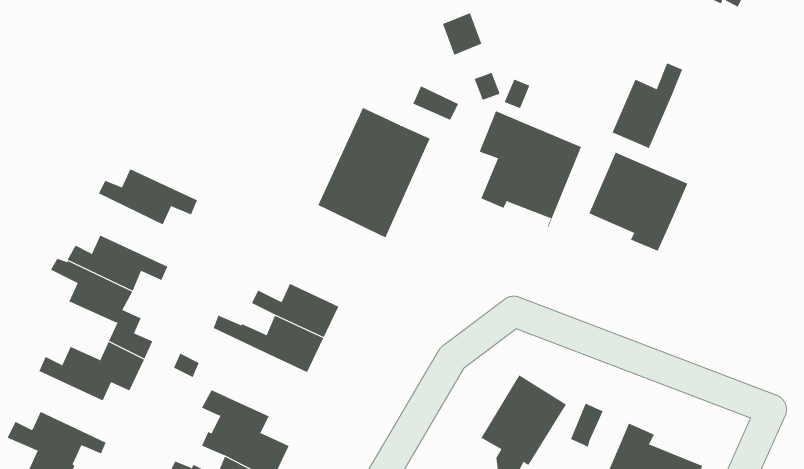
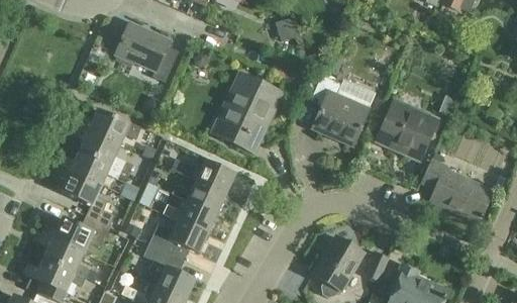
building: none -> [116,26,178,82]
building: [612,63,683,149] -> none
building: none -> [75,125,132,173]
building: none -> [421,159,493,222]
building: none -> [173,160,235,194]
building: none -> [148,220,207,261]
building: none -> [39,233,97,281]

